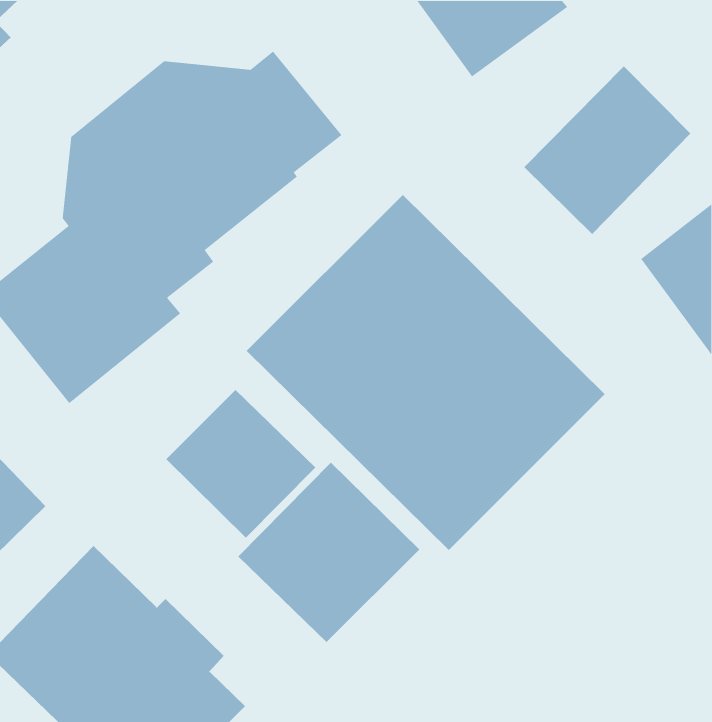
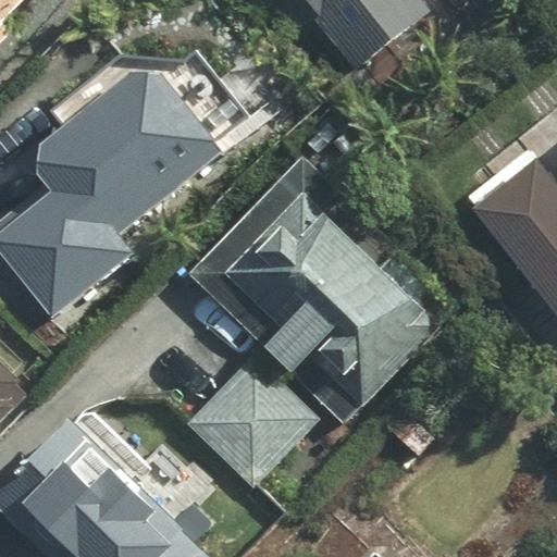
building: [524,66,691,235] -> none
building: [165,389,316,538] -> none

